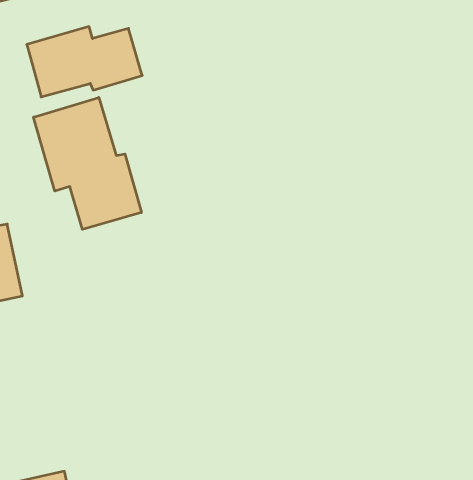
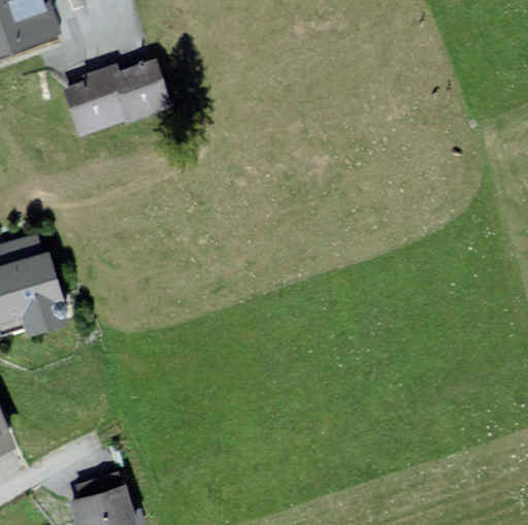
building: [34,97,141,229] -> none

